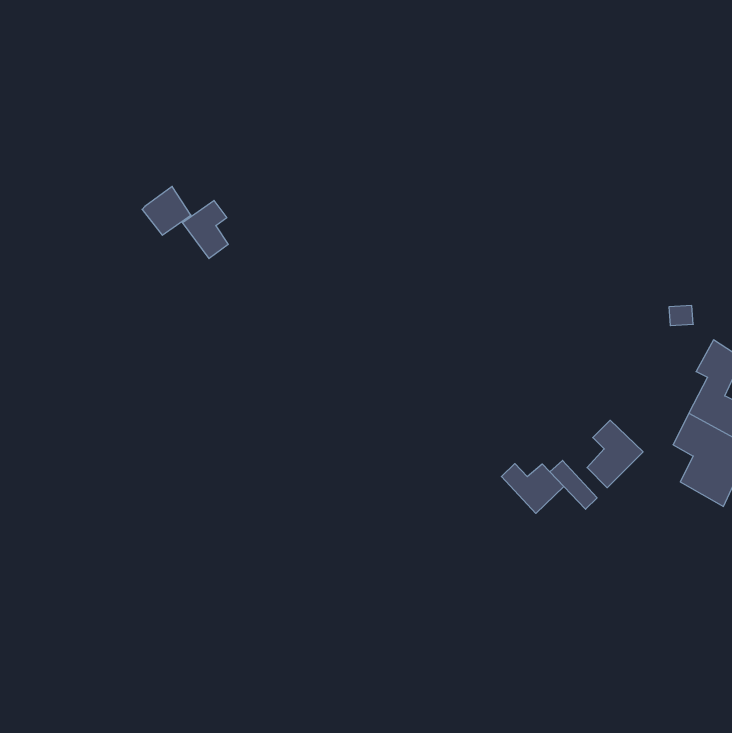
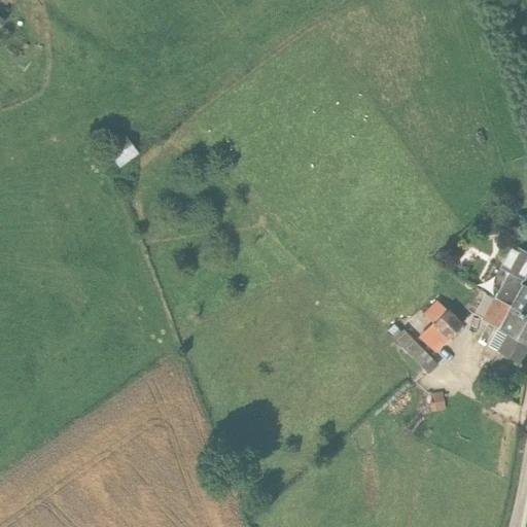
building: [182,200,228,259] -> none
building: [501,464,564,513] -> none

